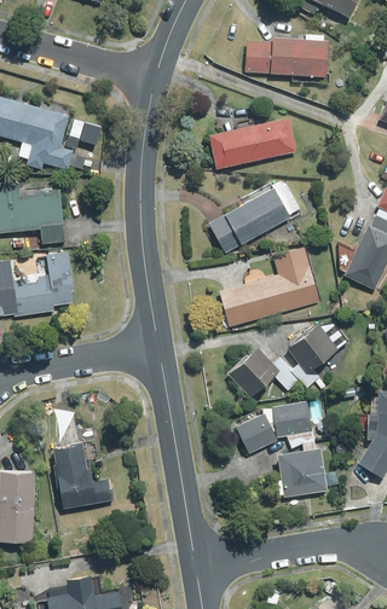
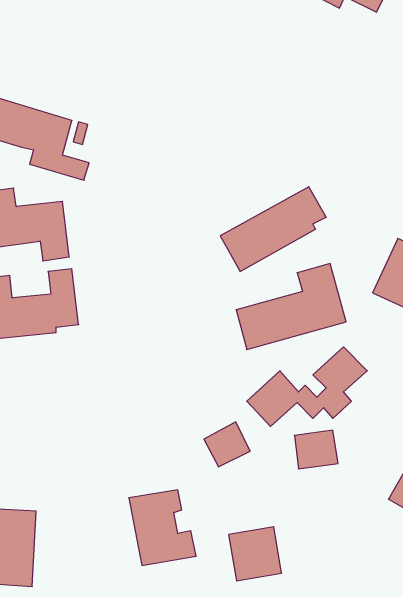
building: [242,36,329,74] -> none
building: [210,117,295,170] -> none
building: [235,413,277,454] -> [204,422,250,467]
building: [50,440,111,509] -> [129,490,196,565]
building: [277,447,325,497] -> [229,527,282,581]

